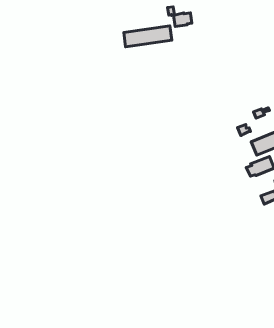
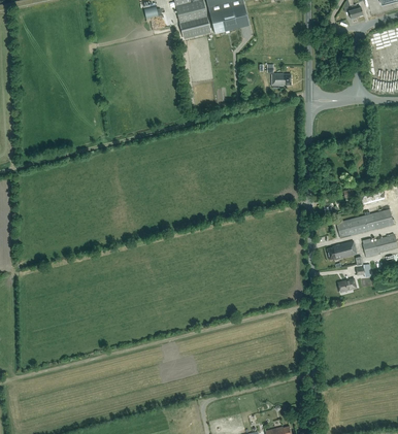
building: [124,26,172,47] -> none

